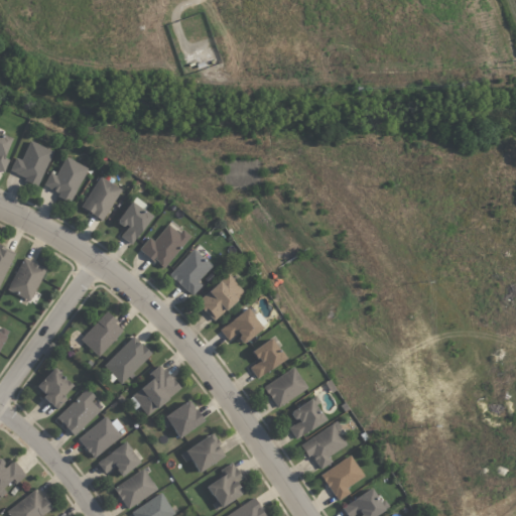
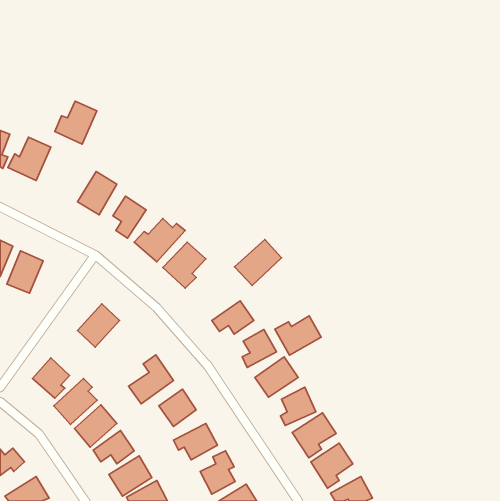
building: [43,157,87,202] -> [55,101,97,144]
building: [197,274,245,321] -> [234,239,282,285]
building: none -> [275,316,321,355]
building: [103,337,151,384] -> none

